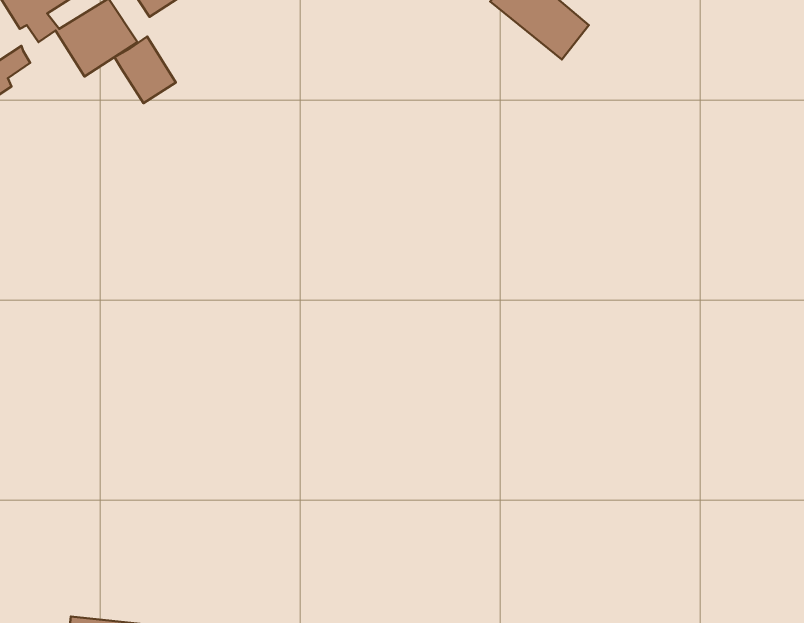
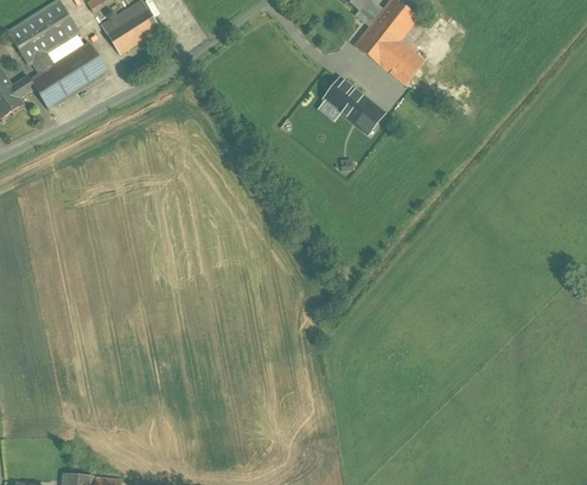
building: [115,37,176,103] -> [30,64,72,110]
building: none -> [324,79,382,132]

